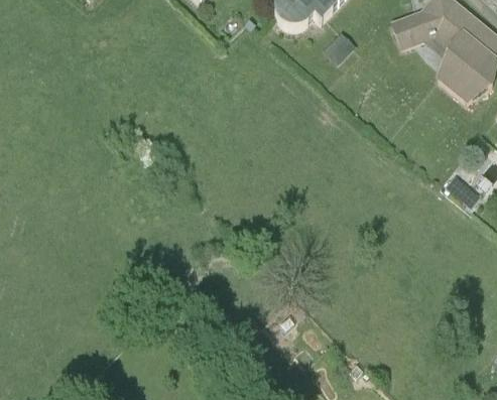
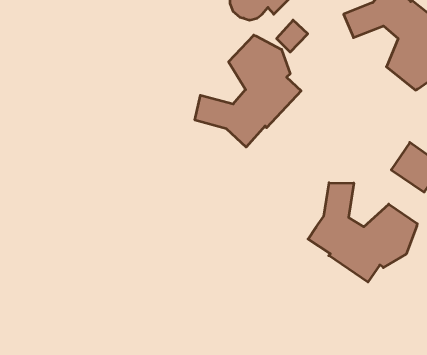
building: none -> [195,35,301,147]
building: none -> [308,183,417,282]

